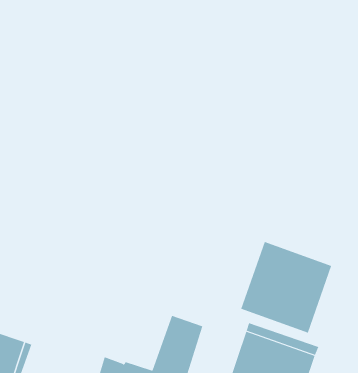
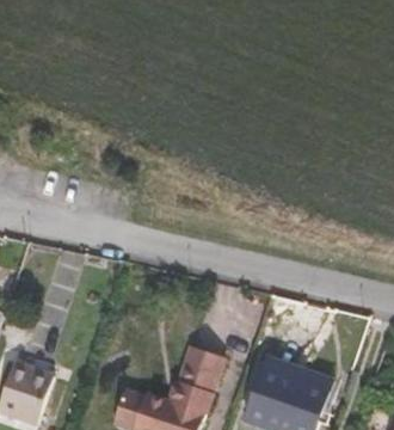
building: [240,241,332,333] -> none

